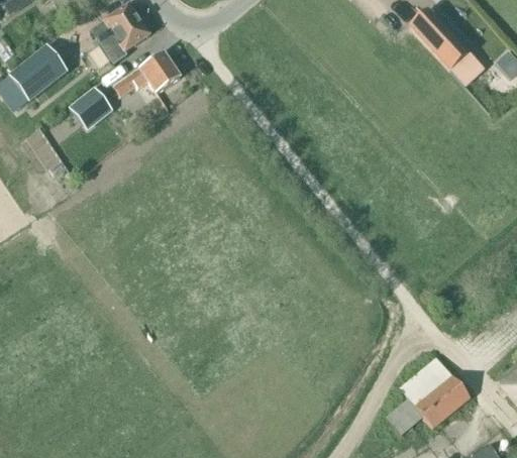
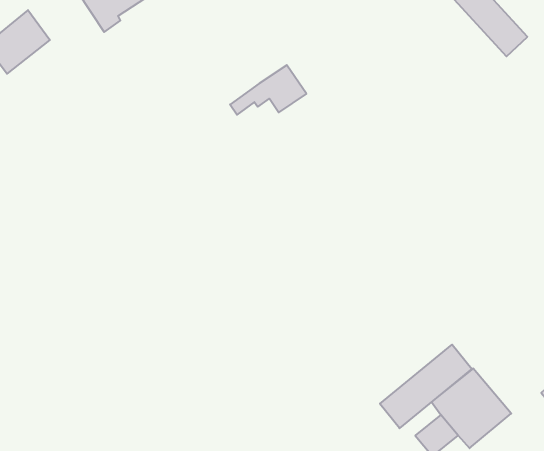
building: [114,51,181,95] -> [230,65,306,115]
building: [70,86,107,122] -> none
building: none -> [380,345,472,428]

